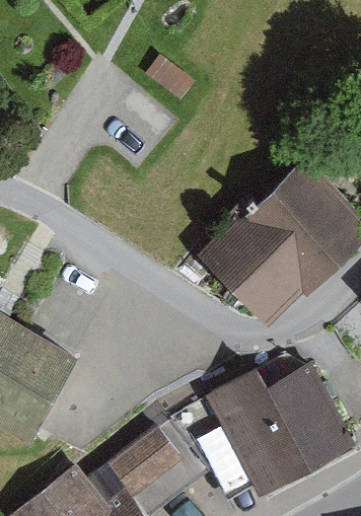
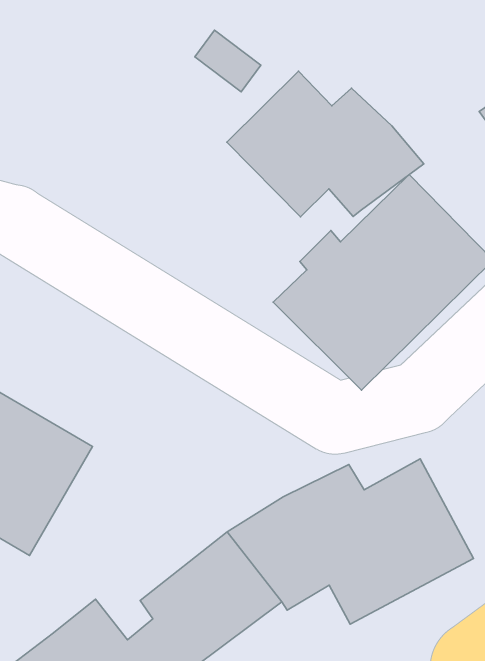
building: none -> [227,71,424,217]

